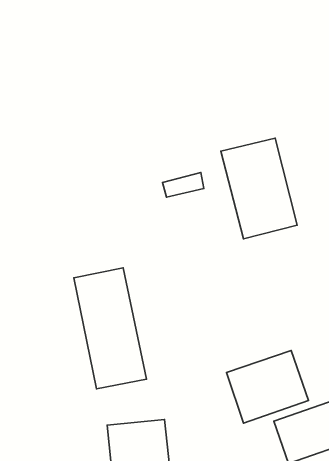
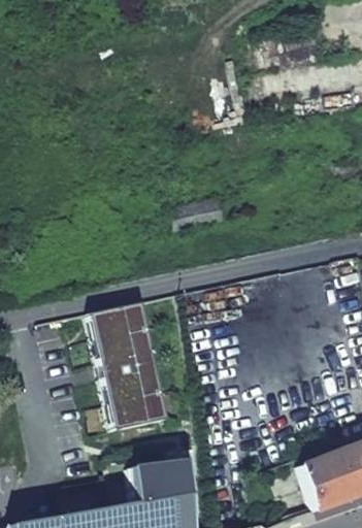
building: [221,138,297,239] -> none
building: [227,351,309,423] -> none

